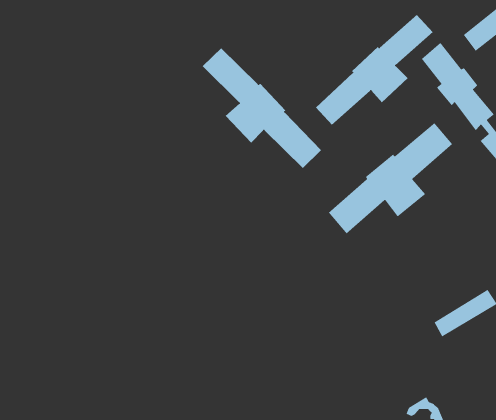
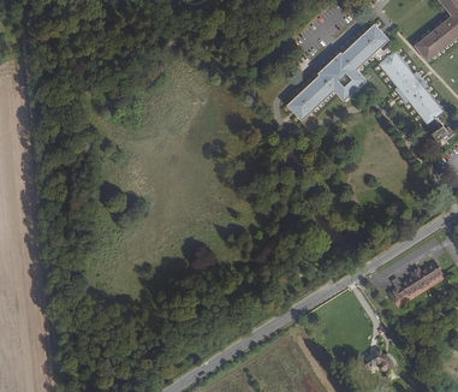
building: [202,47,322,169] -> none
building: [328,122,453,235] -> none

